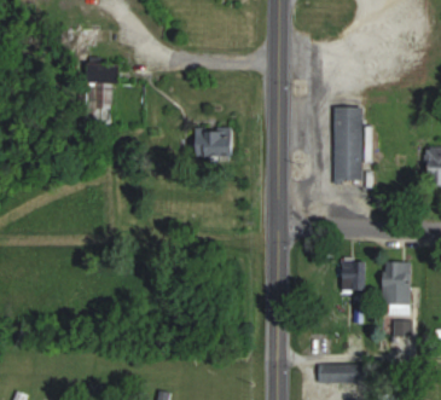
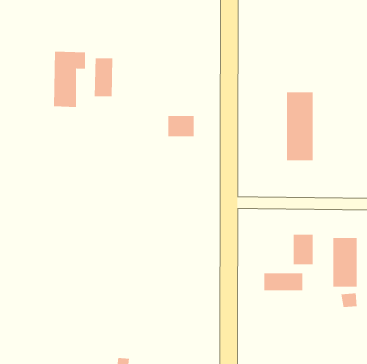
building: none -> [94,57,113,97]
building: [318,364,360,383] -> [263,273,303,291]

